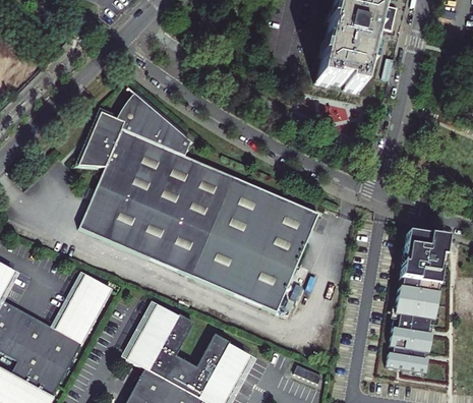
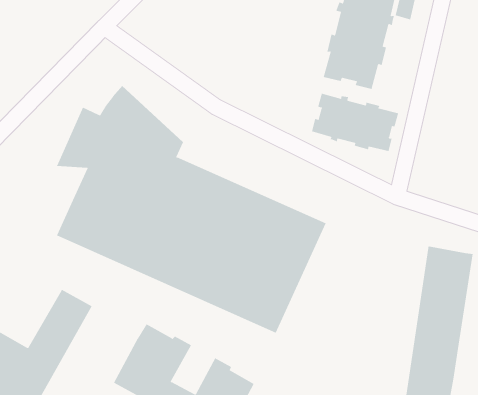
building: none -> [311,93,399,152]

